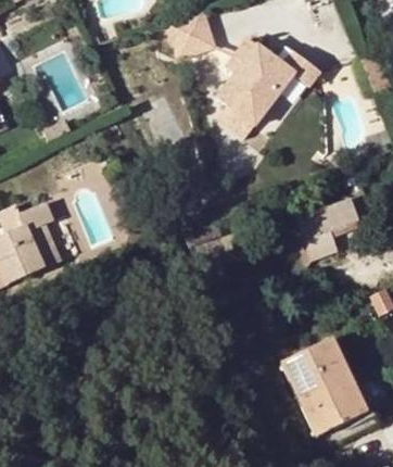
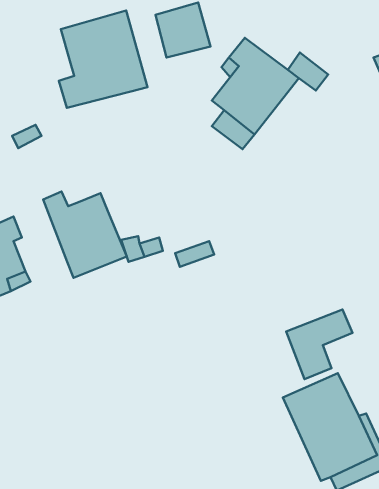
building: none -> [59,10,147,108]
building: none -> [43,191,127,278]
building: [299,194,357,256] -> [286,310,352,379]

